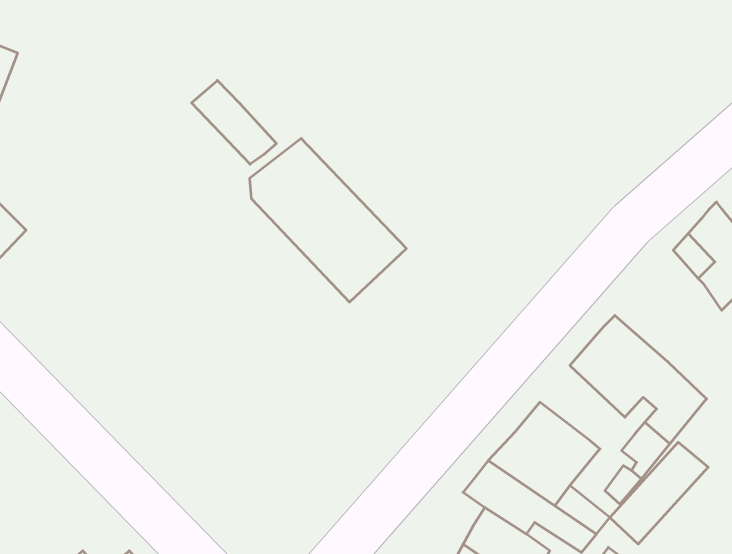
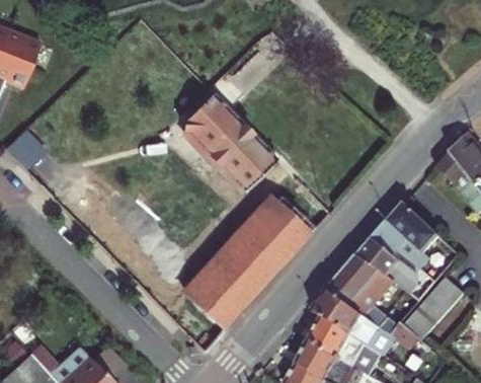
building: [192,80,276,164] -> none
building: none -> [182,202,306,334]
building: none -> [356,238,400,279]

